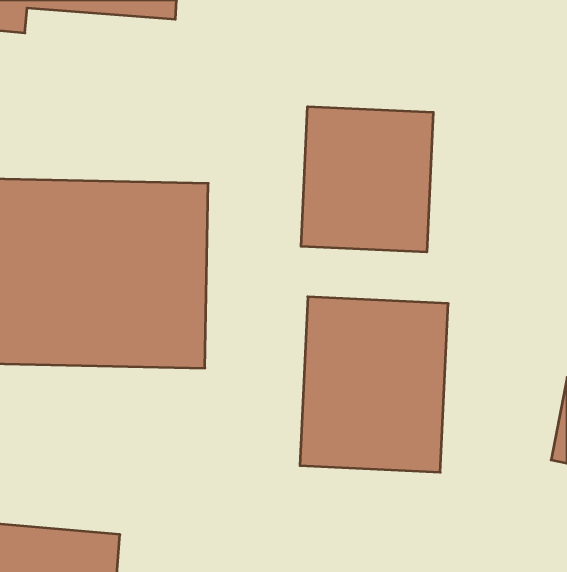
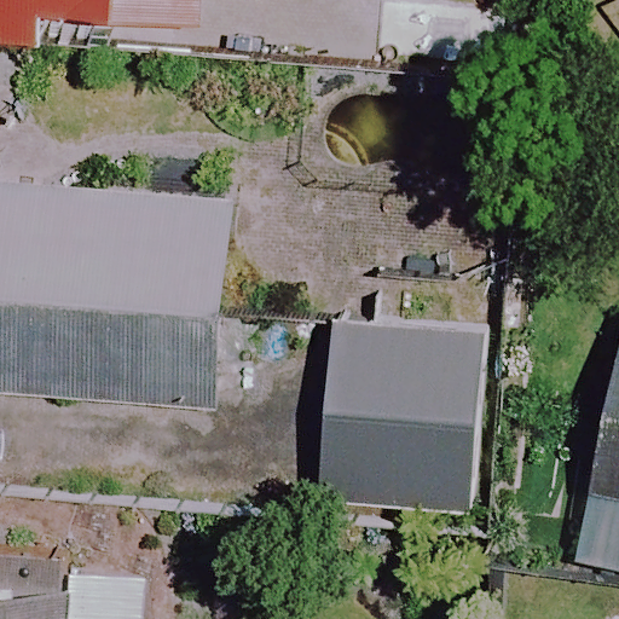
building: [301,107,433,252] -> none

